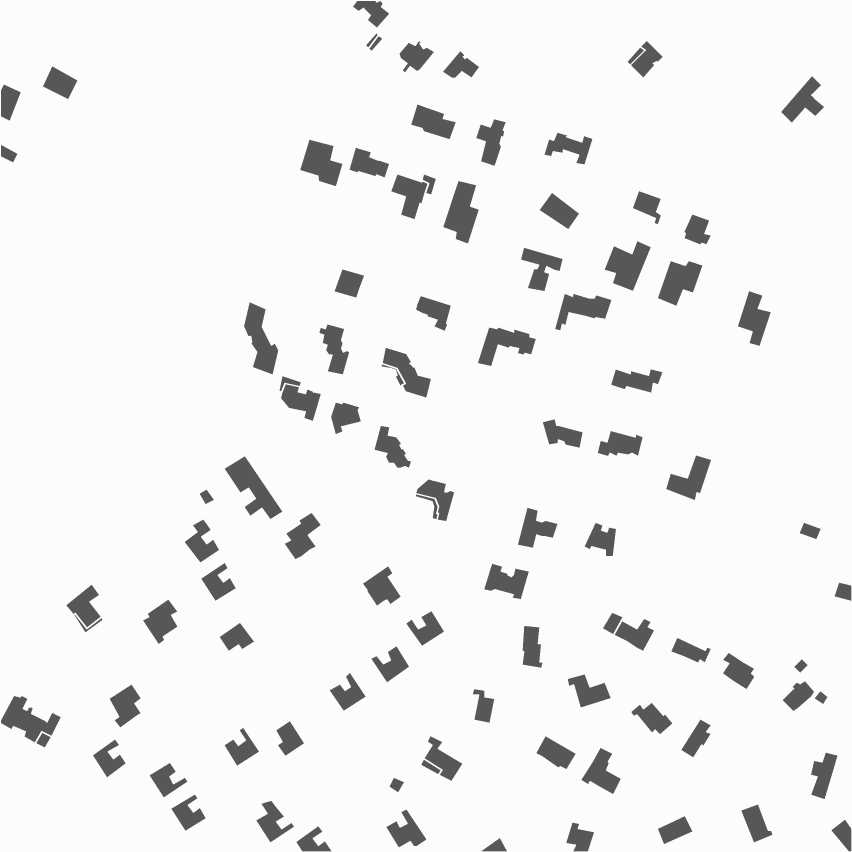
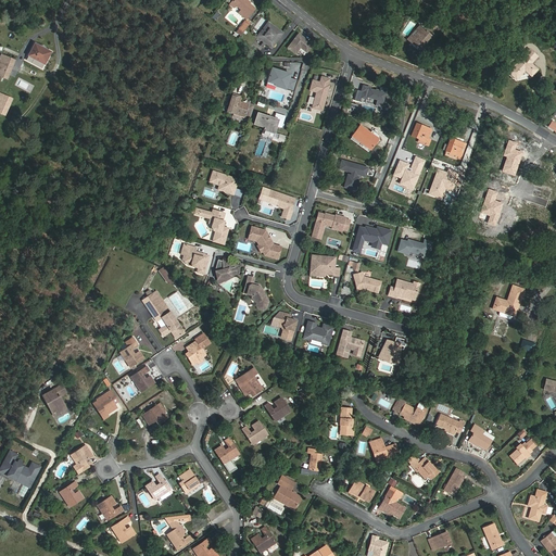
building: [299,139,344,187] -> none
building: [442,180,480,244] -> none
building: none -> [502,140,522,176]
building: [554,293,613,331] -> [353,227,391,252]
building: [243,301,279,376] -> none
building: none -> [311,255,339,276]
building: [665,455,712,501] -> [493,286,523,316]
building: [483,563,530,600] -> [303,321,333,345]

